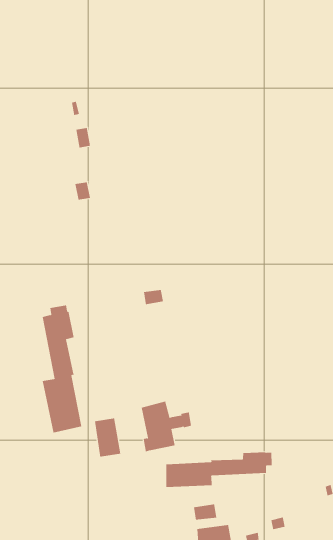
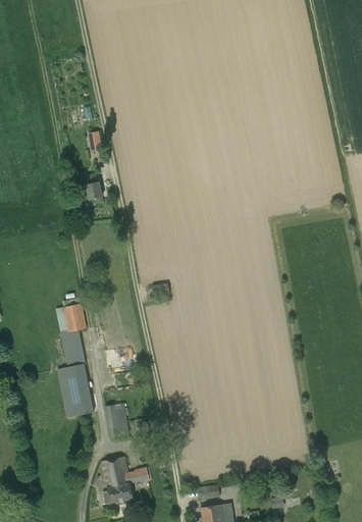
building: [141,401,192,452] -> [101,457,149,505]
building: [166,451,272,488] -> none

